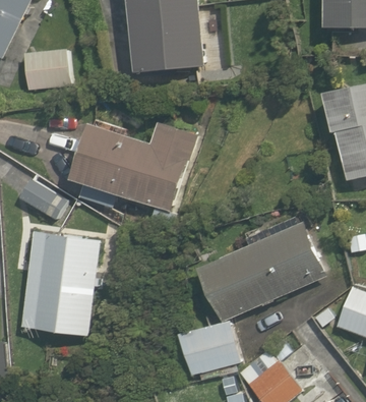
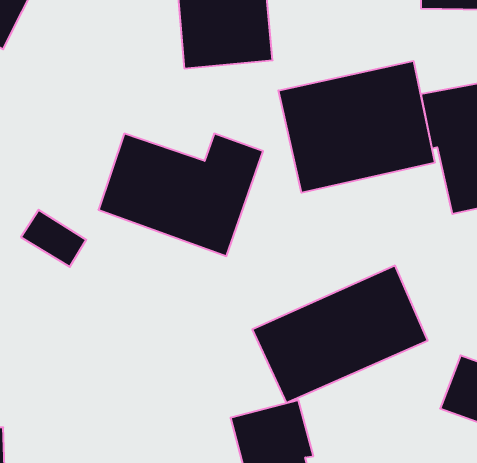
building: [28,48,74,90] -> none
building: none -> [278,61,435,193]
building: [26,229,107,336] -> none

